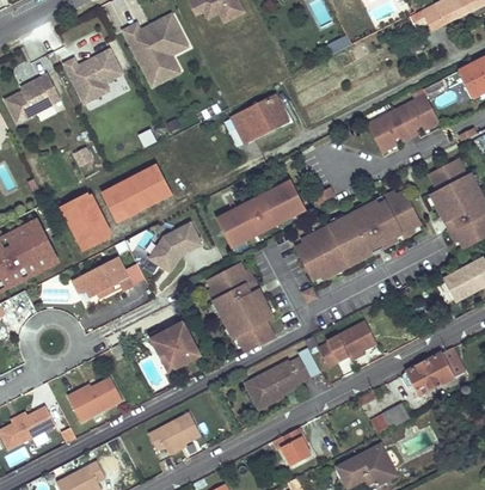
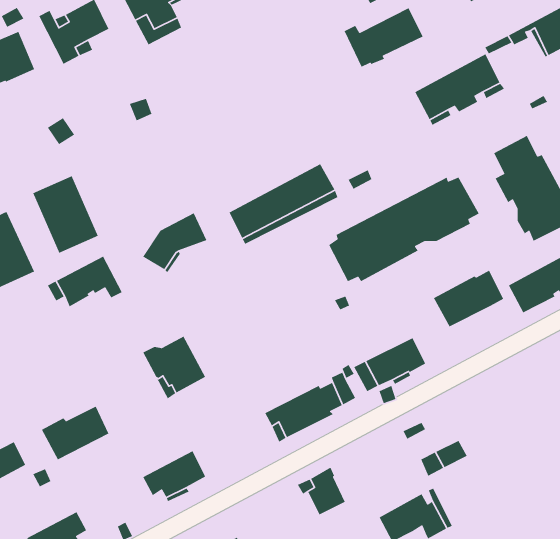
building: [223,96,288,145] -> [343,7,424,68]
building: [100,165,173,226] -> none
building: [209,264,272,350] -> none
building: [407,348,465,394] -> [433,269,504,327]

